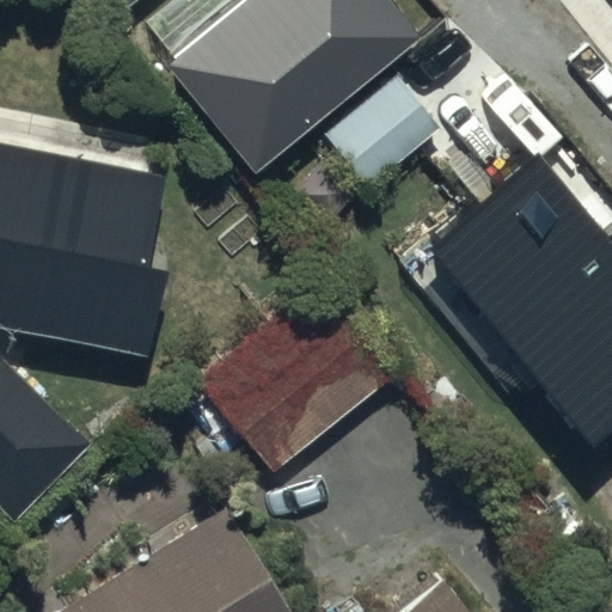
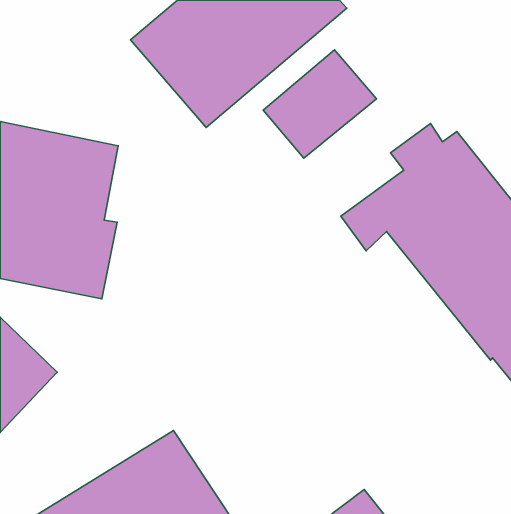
building: [227,325,388,475] -> none

